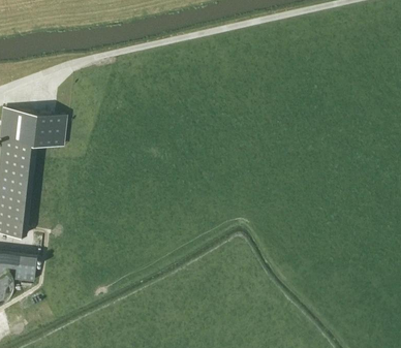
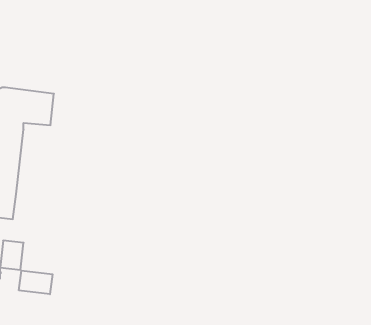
building: none -> [19,271,53,294]

